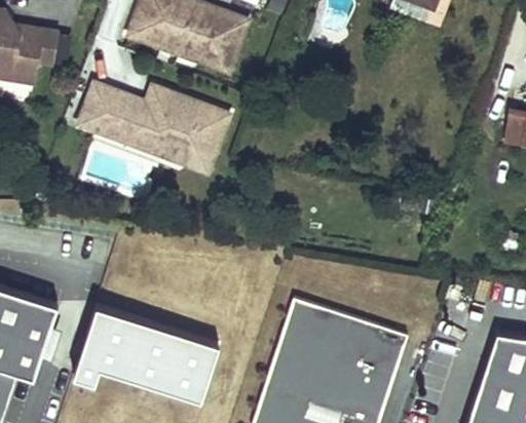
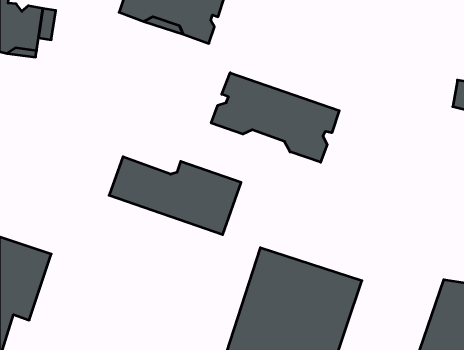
building: [86,82,234,169] -> [109,157,241,235]
building: none -> [211,73,339,162]
building: [72,312,218,405] -> none

